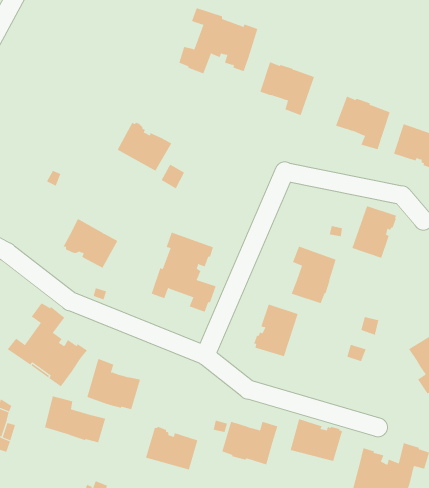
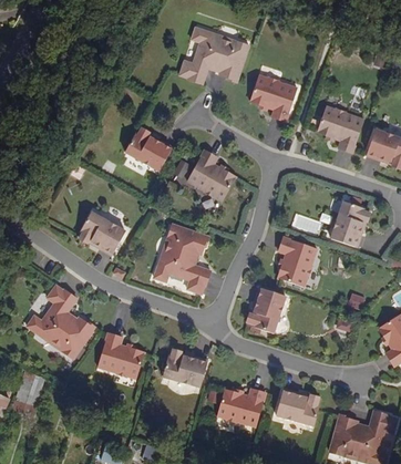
building: none -> [186,148,236,199]
building: [44,396,106,443] -> none
building: [145,426,198,470] -> [162,348,208,386]

